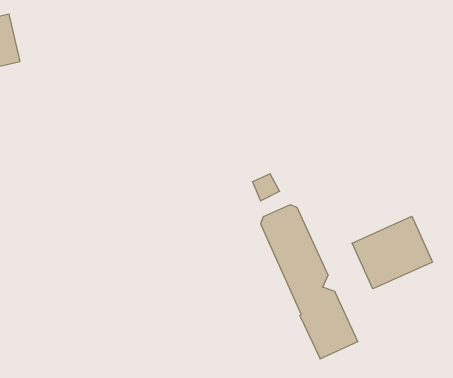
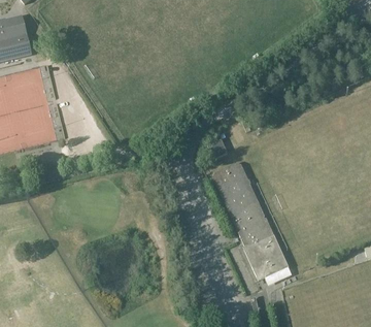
building: [352,216,432,289] -> none

